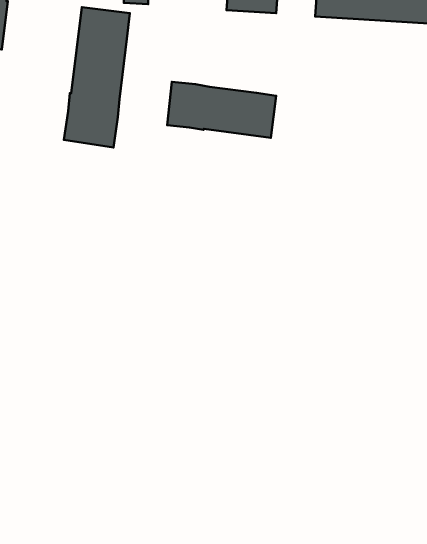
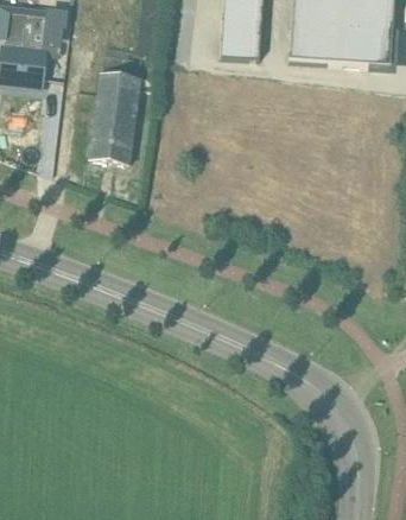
building: [167,82,276,138] -> none

